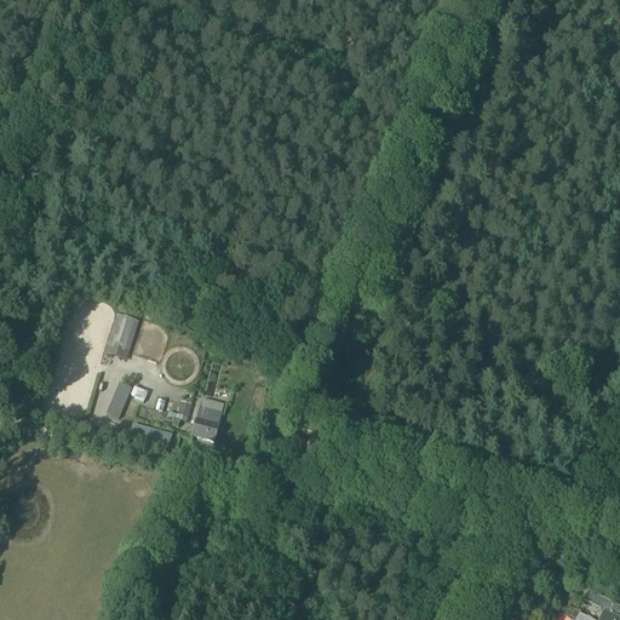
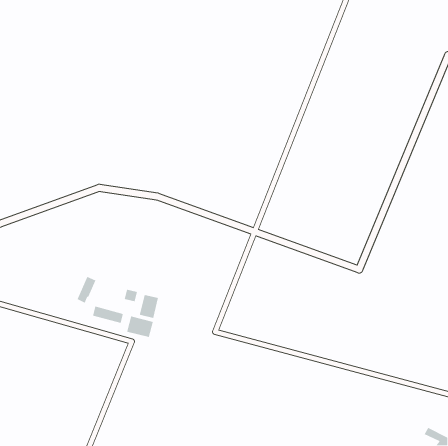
building: [104,314,137,358] -> none
building: none -> [126,316,154,338]

